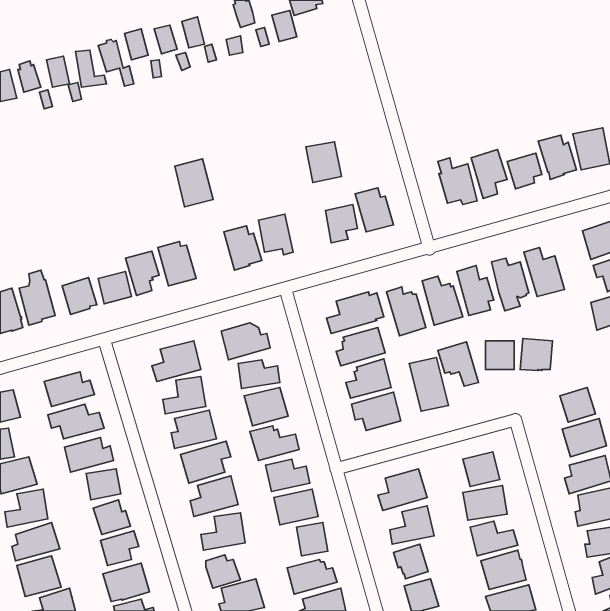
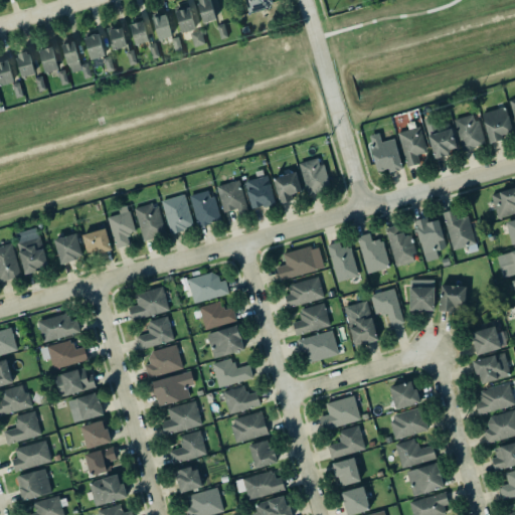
building: [272,11,297,42] -> [176,7,197,33]
building: [306,142,342,183] -> [245,176,276,210]
building: [175,159,213,207] -> [163,194,195,234]

